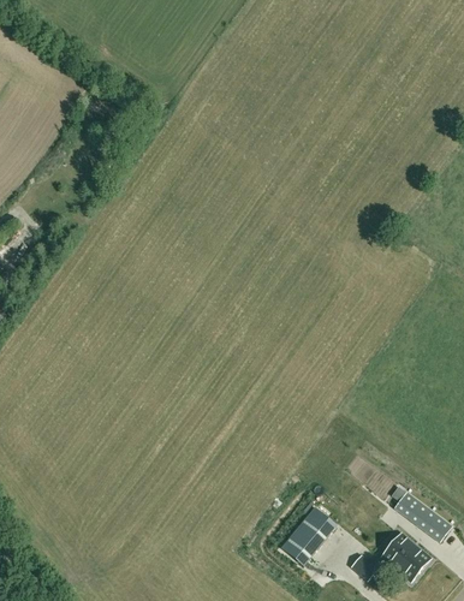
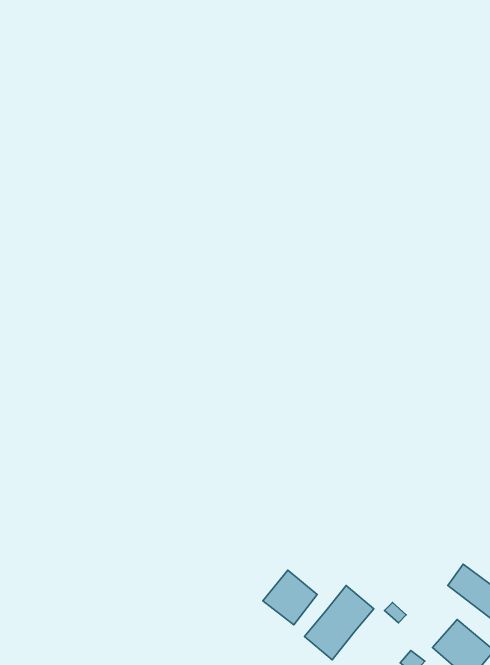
building: none -> [263,570,317,625]

